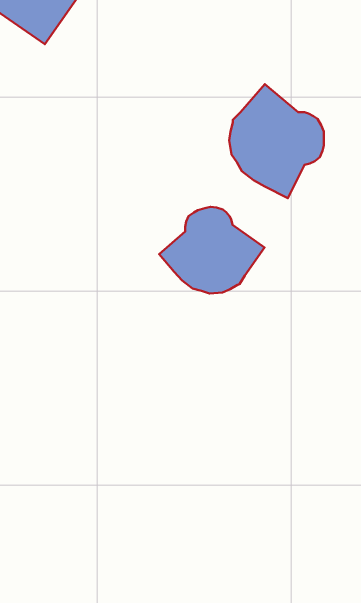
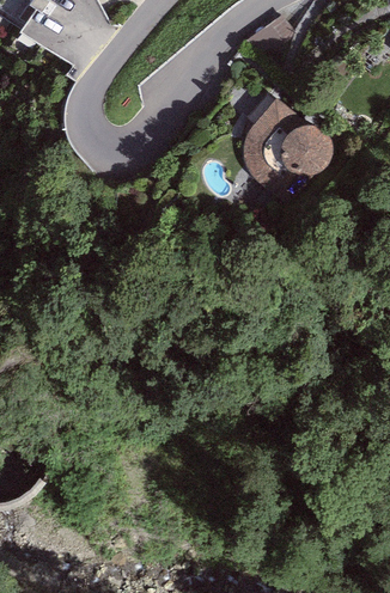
building: [159,207,264,294] -> none

